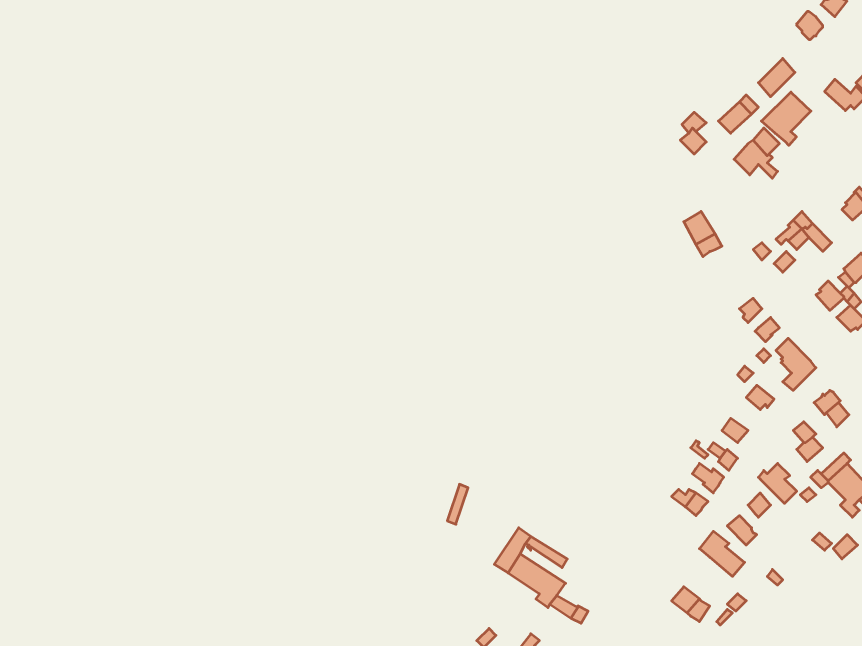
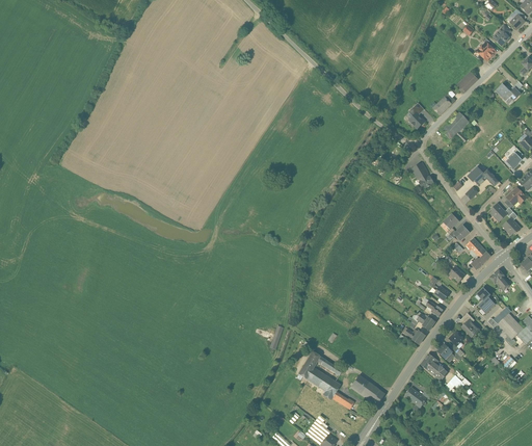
building: [761,92,811,145] -> none
building: none -> [350,374,385,405]

